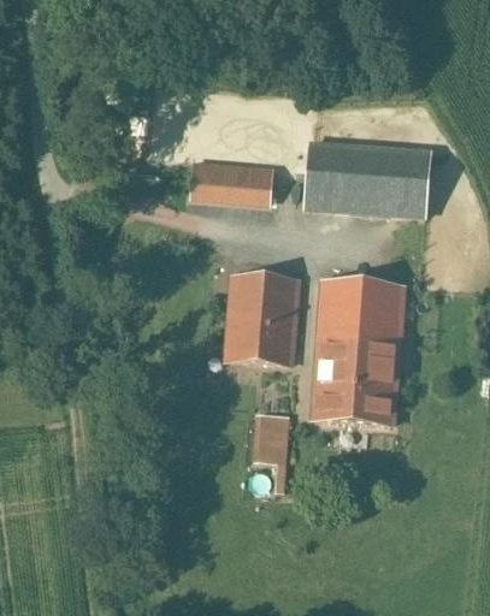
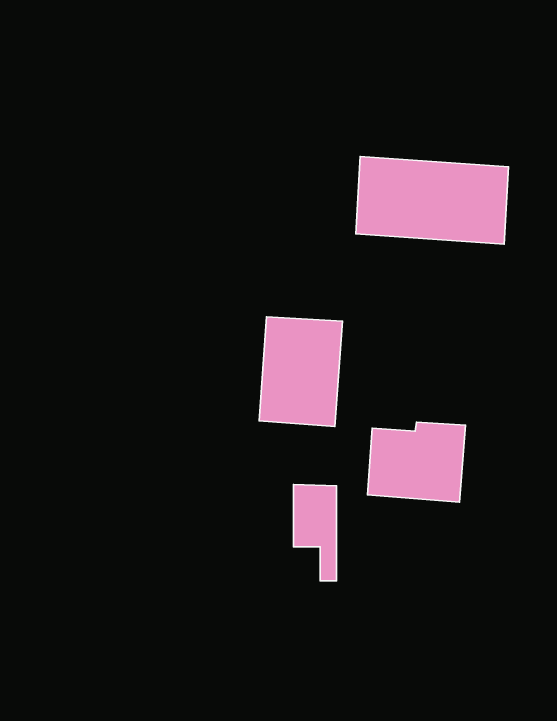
building: [188,161,271,203] -> none
building: [319,282,399,368] -> none

